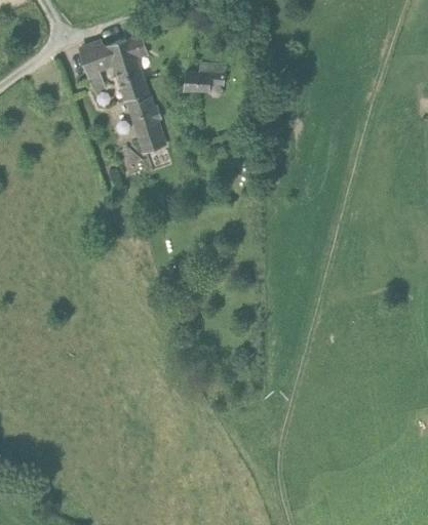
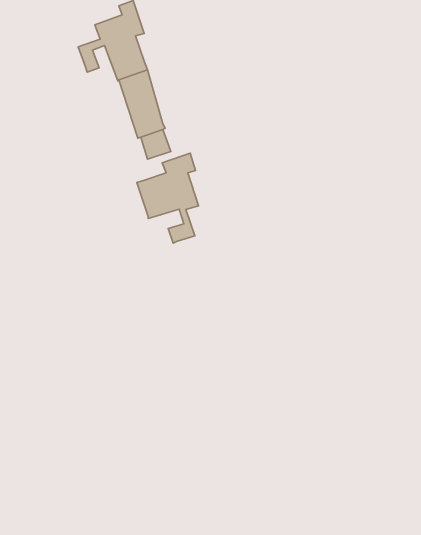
building: [185,64,225,92] -> none
building: none -> [137,153,199,243]

